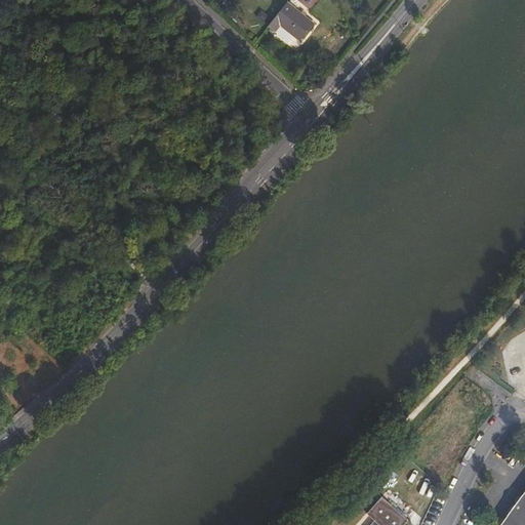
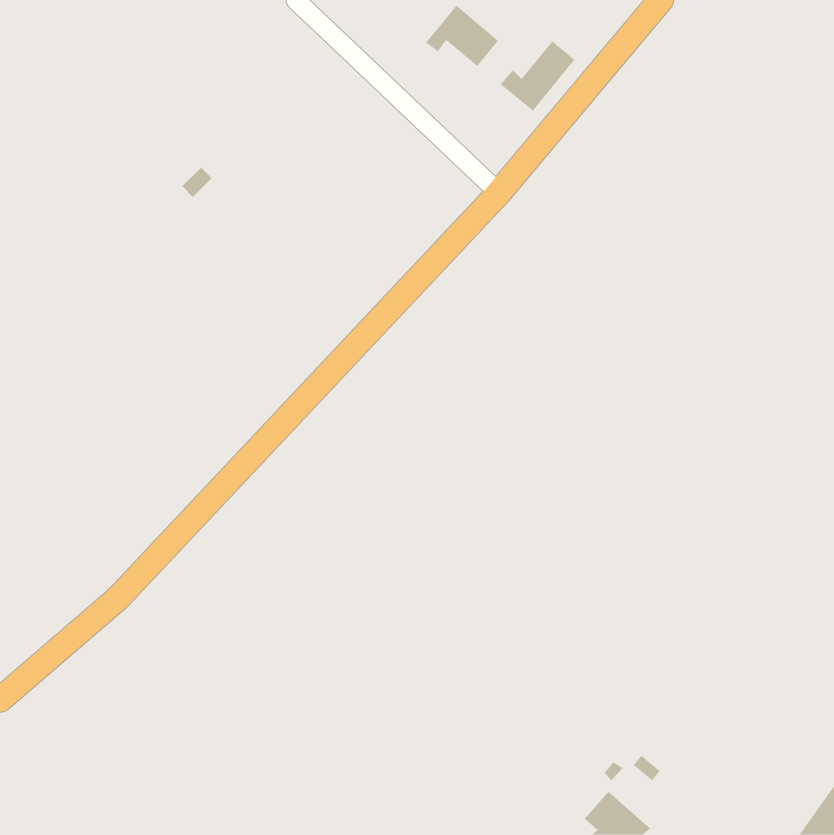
building: none -> [500,40,575,111]

